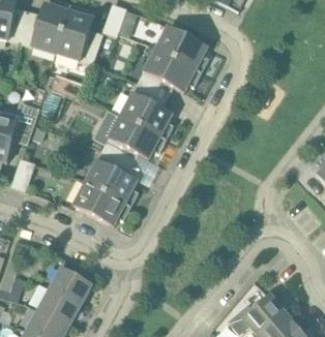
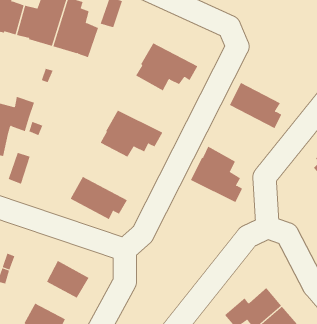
building: [156,27,209,73] -> [229,82,282,129]
building: [121,83,174,140] -> [190,146,243,203]
building: [86,150,139,207] -> none
building: [38,288,81,326] -> none

